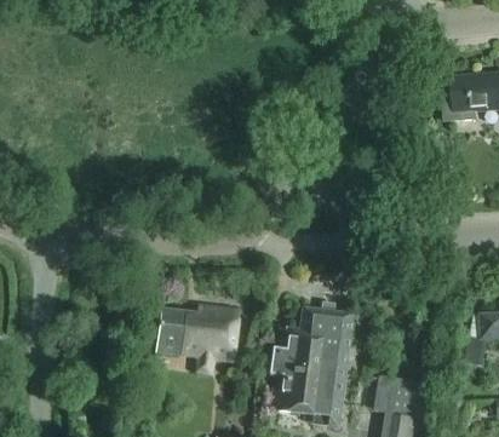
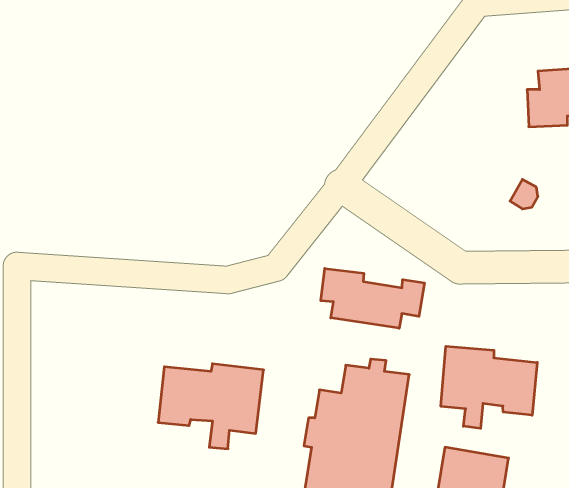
building: none -> [321,268,424,328]
building: none -> [441,346,537,428]

